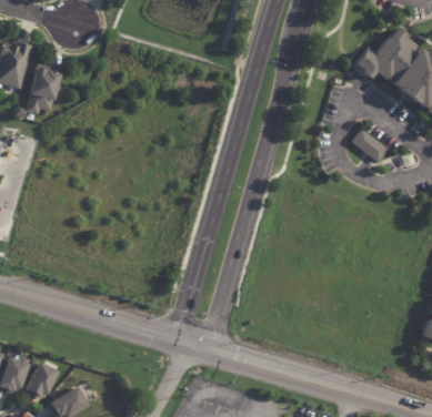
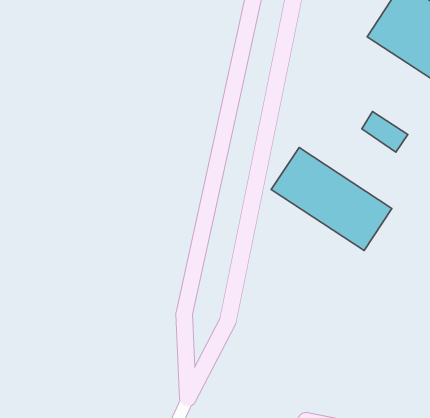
building: none -> [271,148,392,250]

